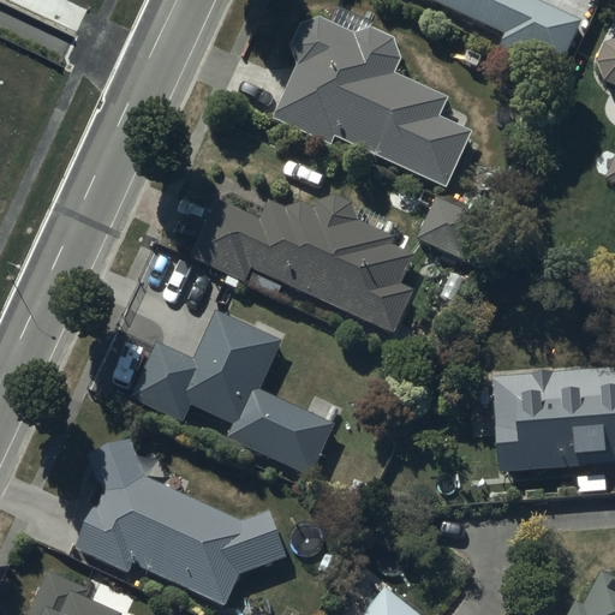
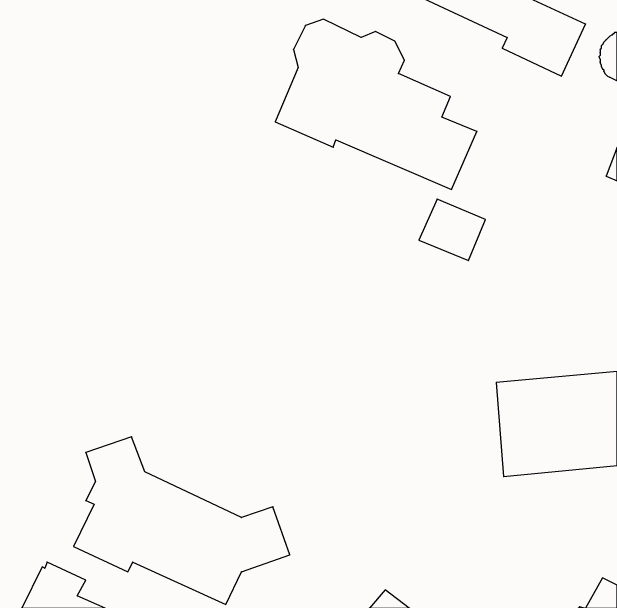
building: [190,197,416,336] -> none
building: [131,303,340,471] -> none

